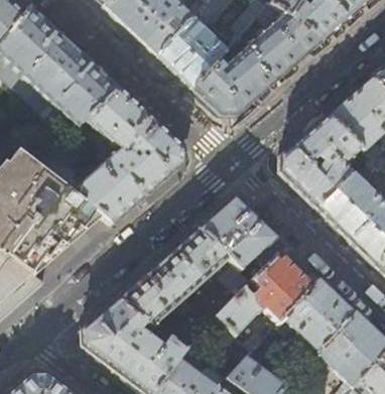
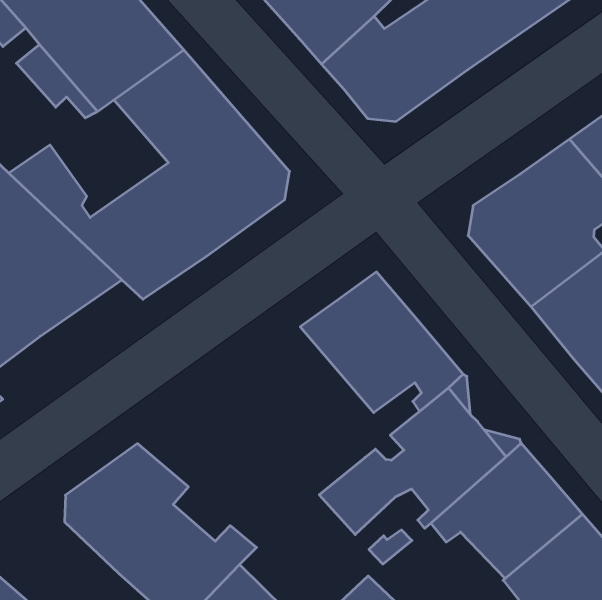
building: [118,228,251,334] -> none

